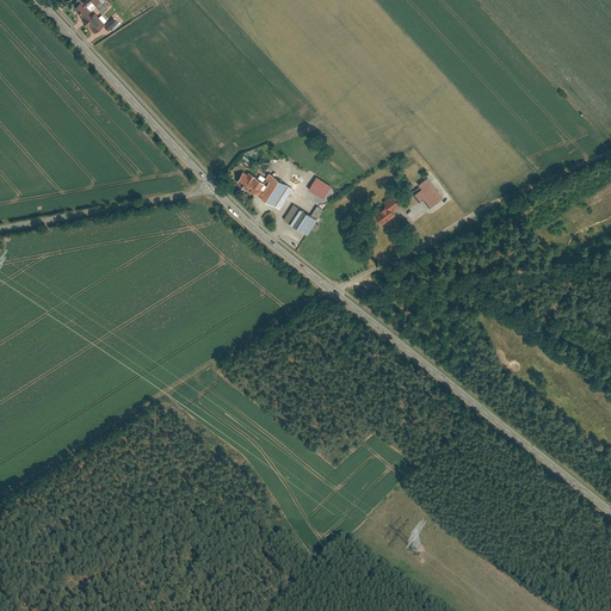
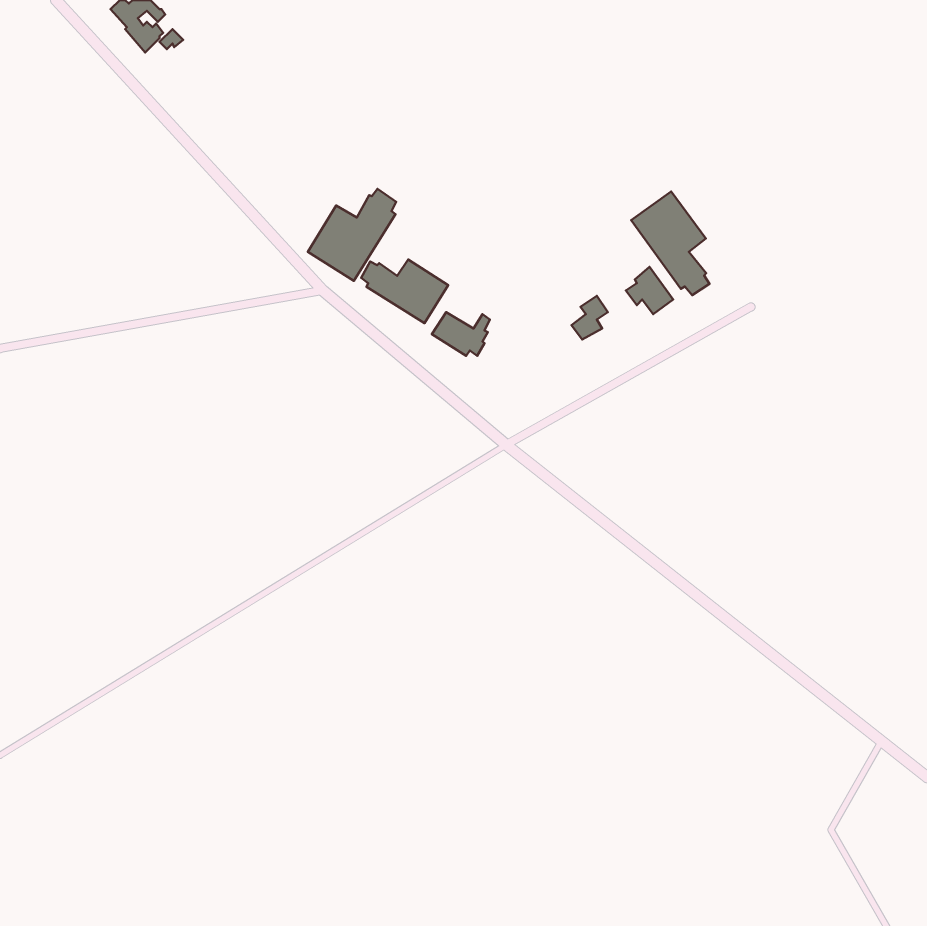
building: none -> [308,189,396,281]
building: none -> [631,191,709,295]

